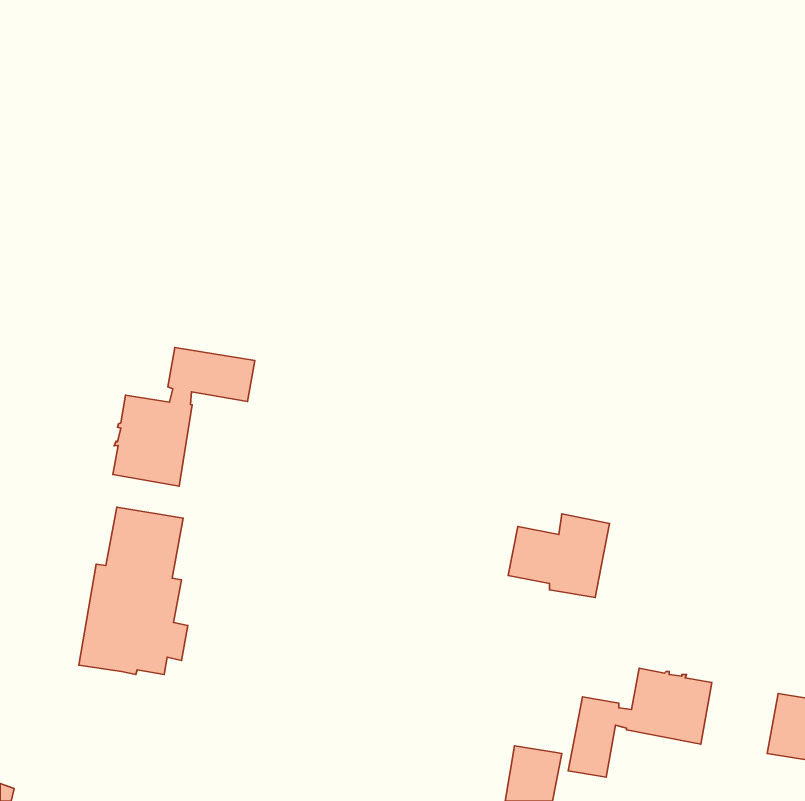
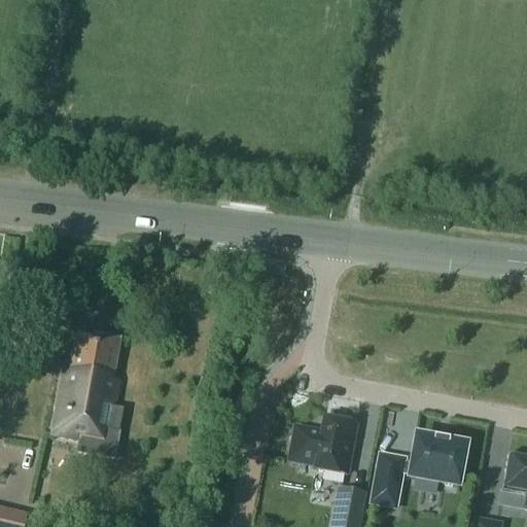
building: [113,348,255,486] -> none
building: [508,514,609,598] -> [290,418,356,472]

